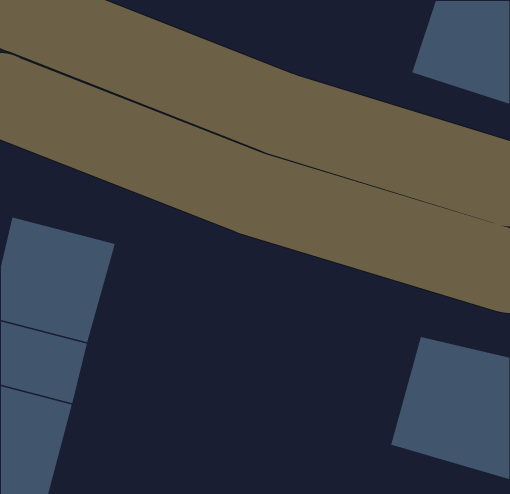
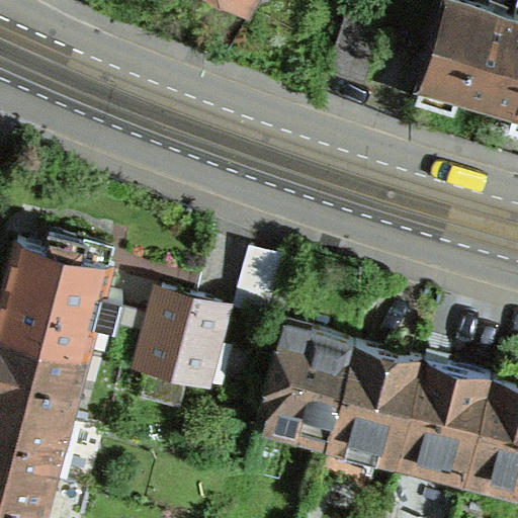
building: none -> [133,291,234,394]
building: none -> [257,321,426,467]

